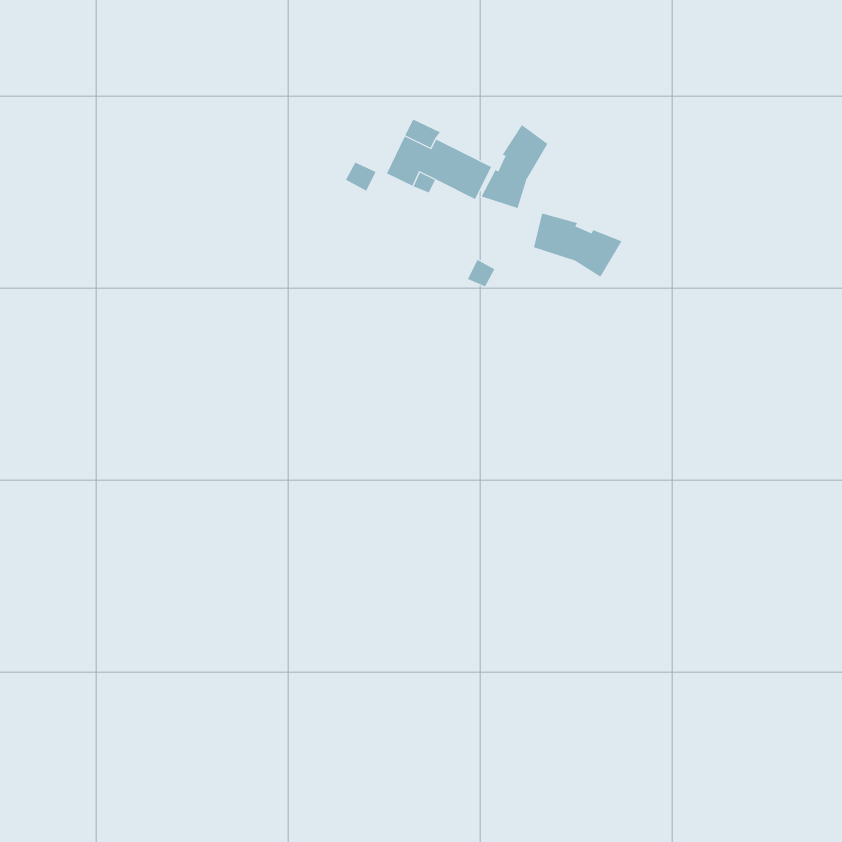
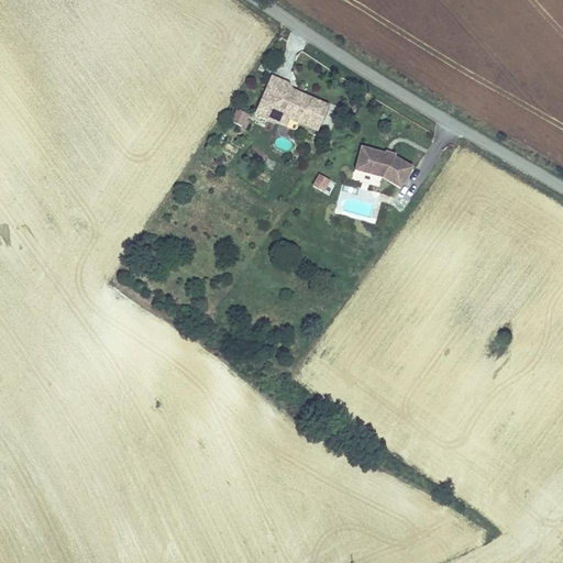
building: [481,124,548,209] -> none

